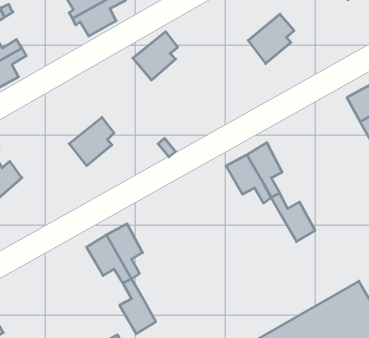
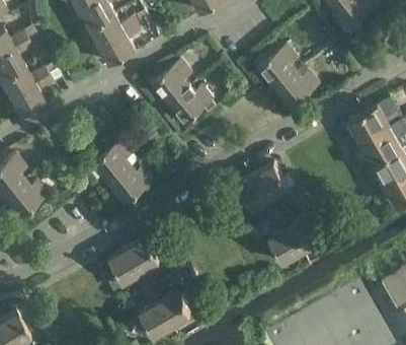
building: none -> [274,67,322,107]
building: none -> [169,82,215,122]
building: none -> [109,161,157,202]
building: none -> [269,210,303,262]
building: none -> [151,280,191,325]

